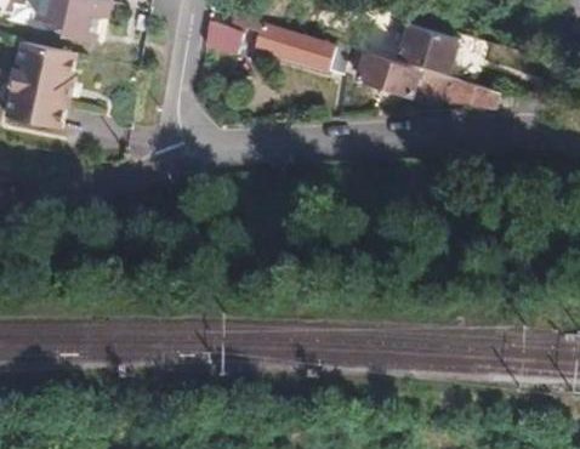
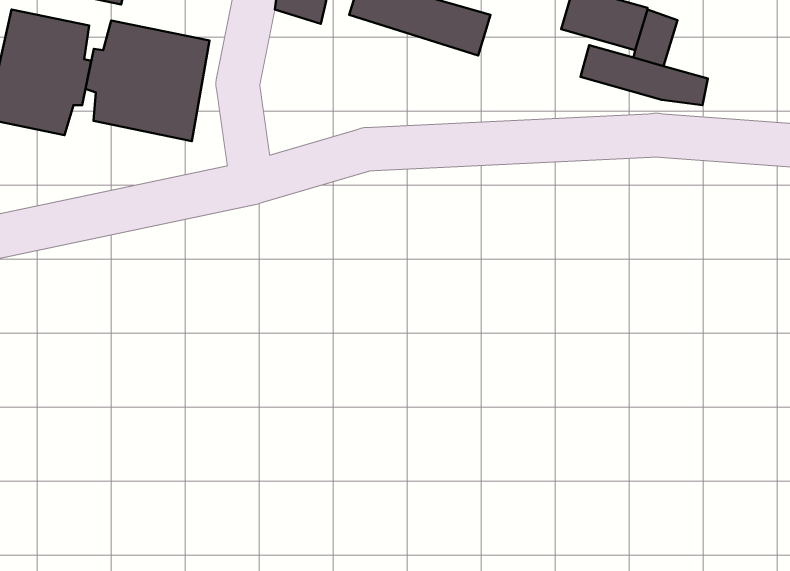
building: [345,46,416,95] -> none
building: none -> [86,20,210,141]

